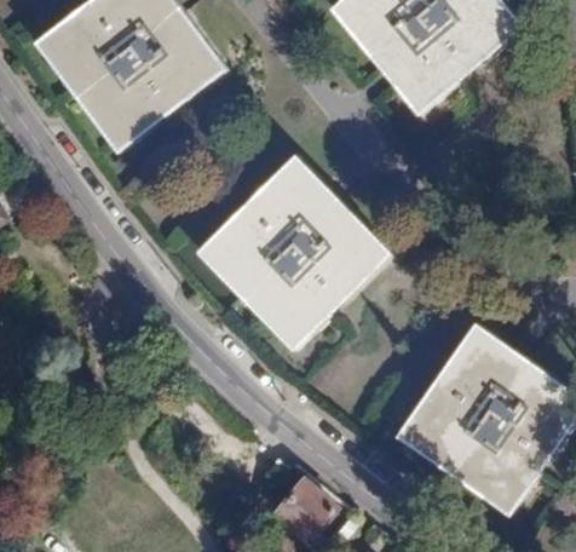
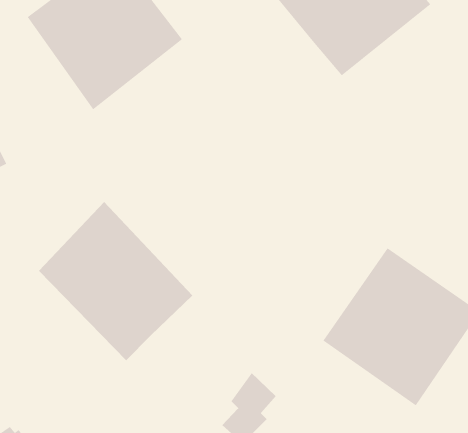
building: [196,156,391,351] -> none
building: none -> [38,201,193,361]

